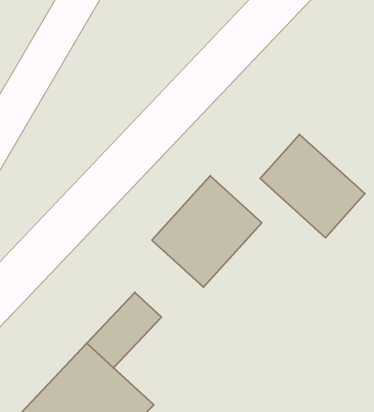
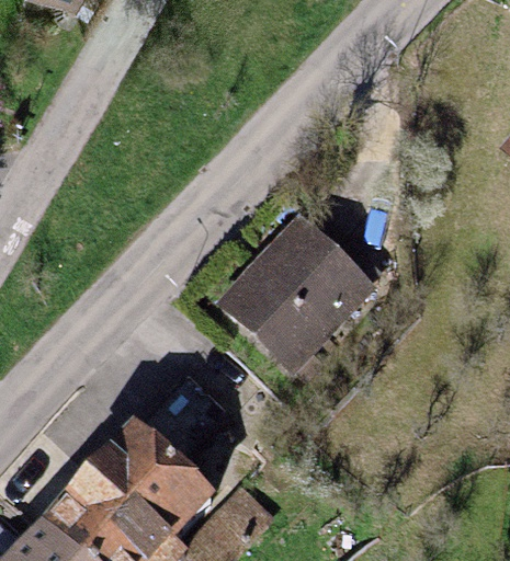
building: [260,134,365,238] -> none

